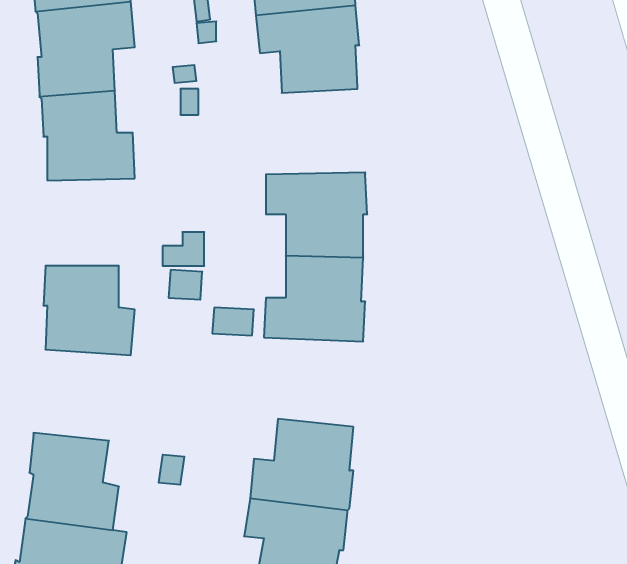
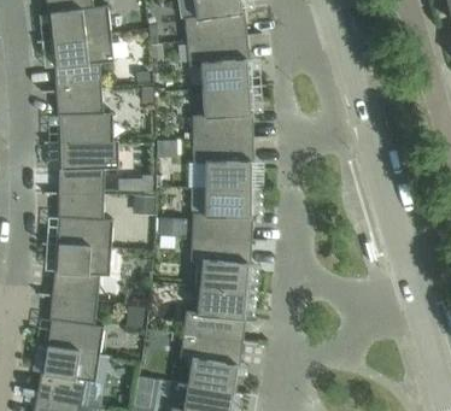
building: none -> [192,86,253,137]
building: none -> [59,140,118,193]
building: none -> [191,236,252,290]
building: none -> [52,243,111,299]

